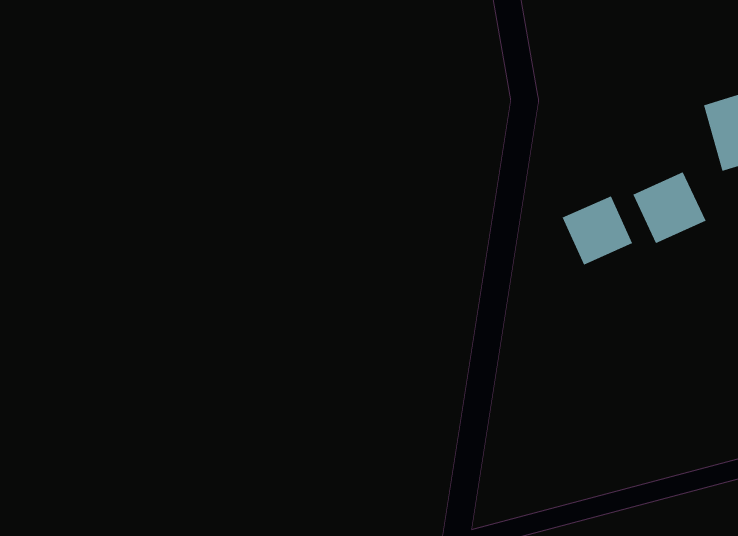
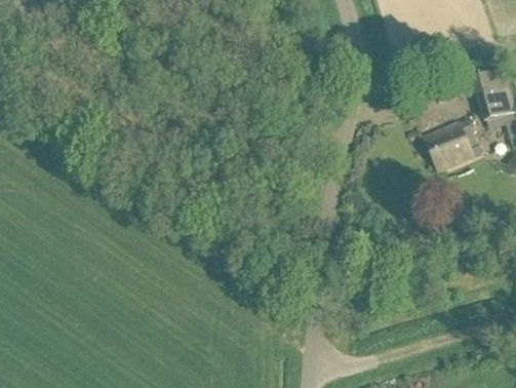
building: [562,195,633,265] -> none

